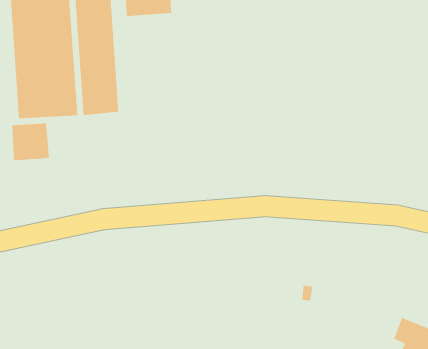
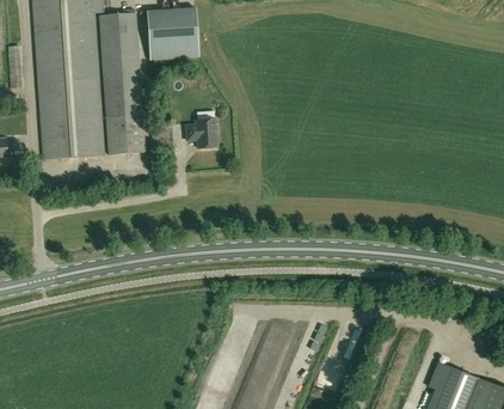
building: none -> [186,121,219,149]
building: [11,122,50,161] -> none

